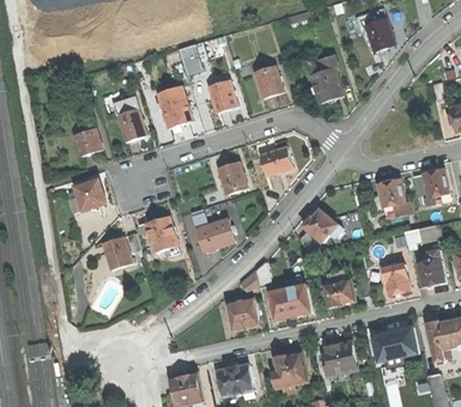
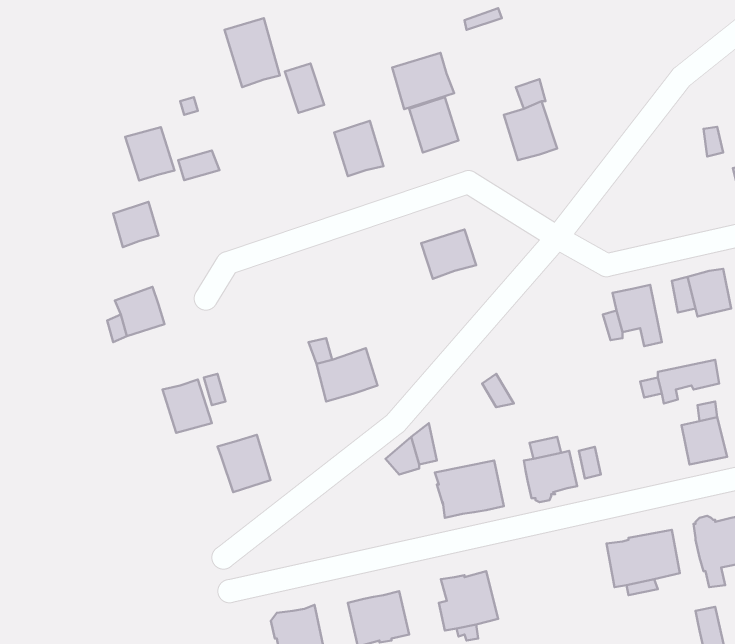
building: [363,19,392,51] -> none
building: none -> [392,53,454,109]
building: [157,86,190,128] -> [224,18,280,87]
building: [116,109,146,141] -> [125,127,175,180]
building: [218,160,247,193] -> none
building: [302,208,341,242] -> none
building: [144,215,176,250] -> [217,435,271,492]
building: [382,263,410,294] -> none
building: [226,297,259,330] -> none
building: [322,341,357,376] -> none

